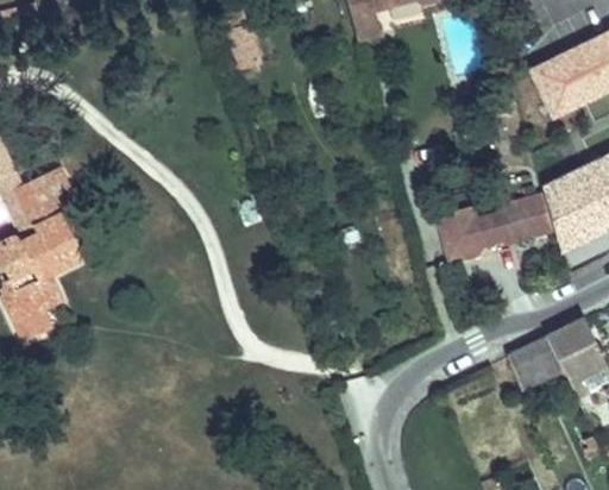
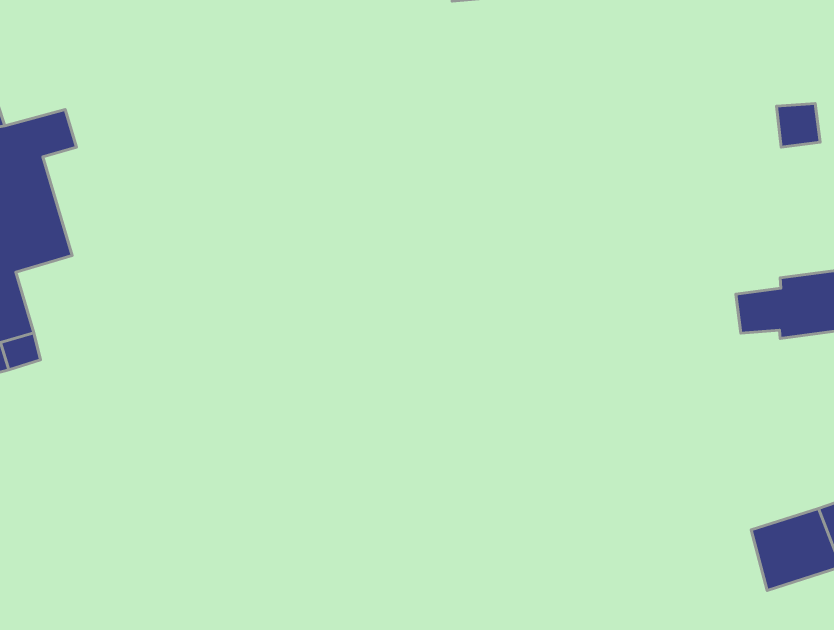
building: [439,207,482,259] -> none

